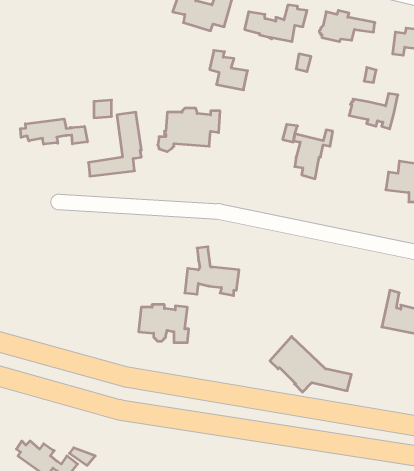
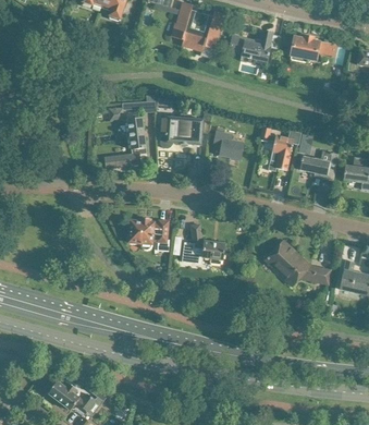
building: [210,50,248,90] -> [213,128,244,159]
building: [349,94,398,129] -> [299,153,339,181]
building: [20,119,87,144] -> none
building: [139,305,189,343] -> [130,220,170,251]
building: [270,336,351,392] -> [266,241,331,286]

